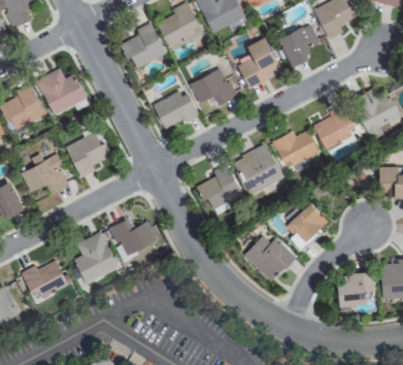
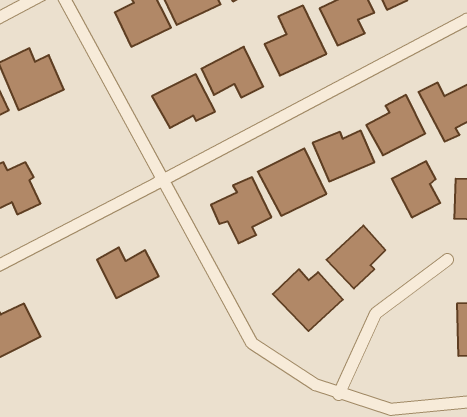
building: [66,132,112,177] -> none
building: none -> [392,161,440,218]
building: [74,231,119,283] -> none
building: [338,270,374,304] -> none

